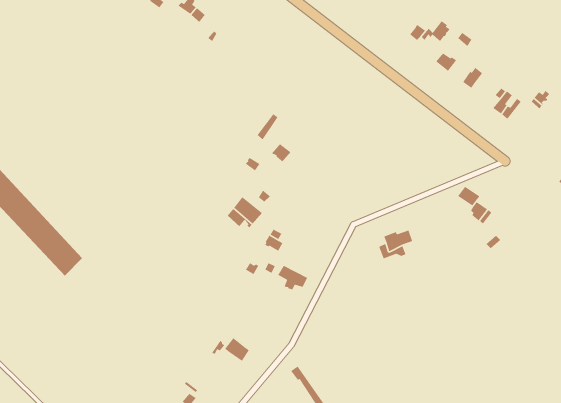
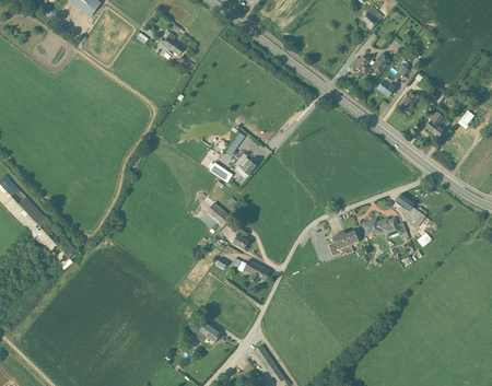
building: none -> [363,217,400,236]

